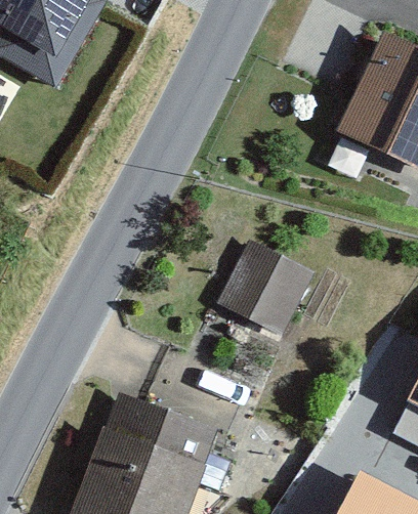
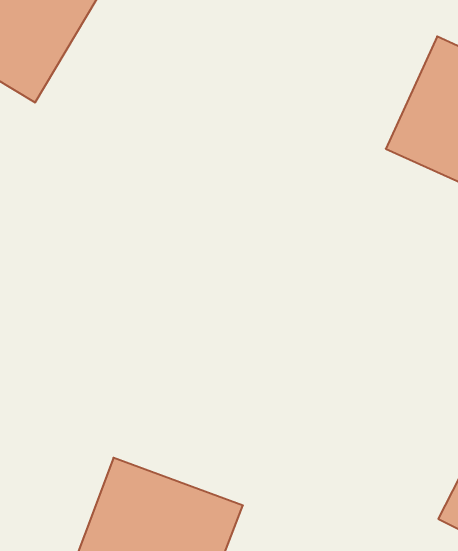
building: [216,237,309,329] -> none

